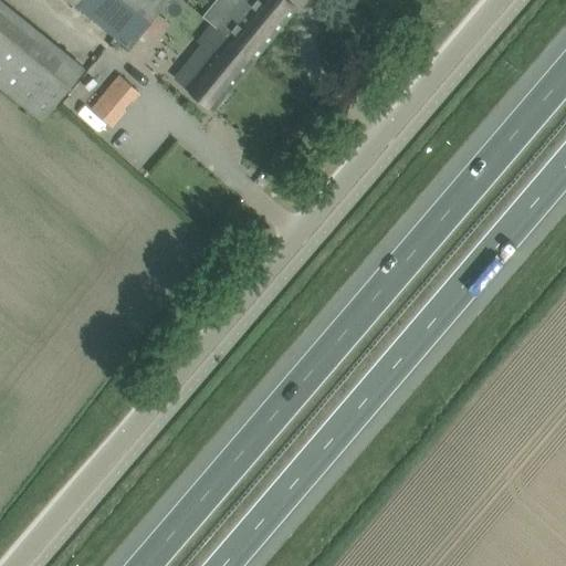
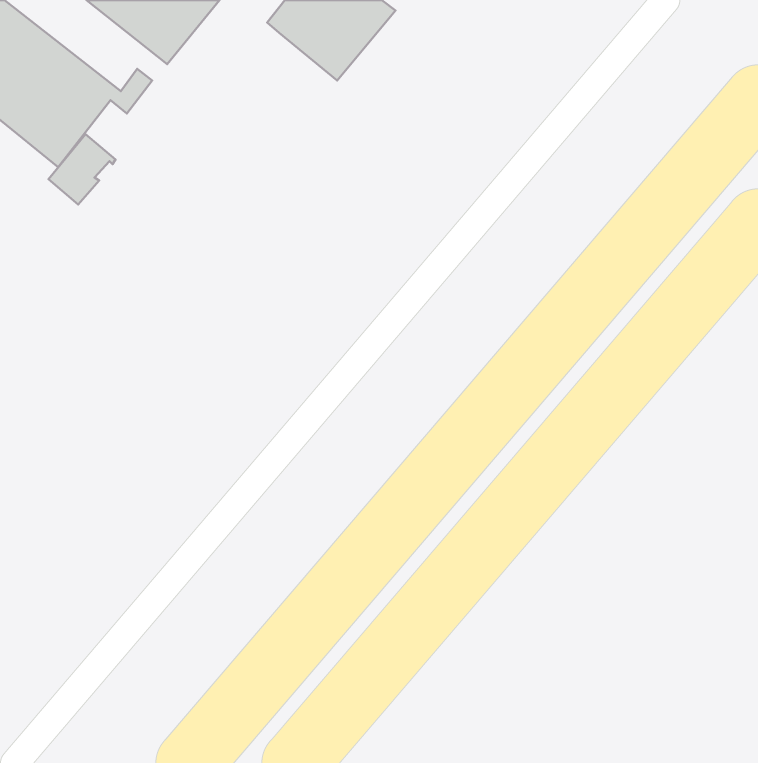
building: [182,24,250,109] -> none
building: [87,75,137,127] -> [48,134,116,204]

